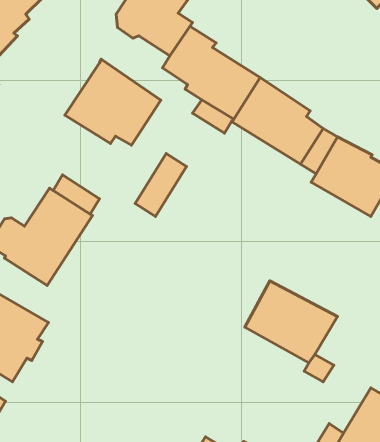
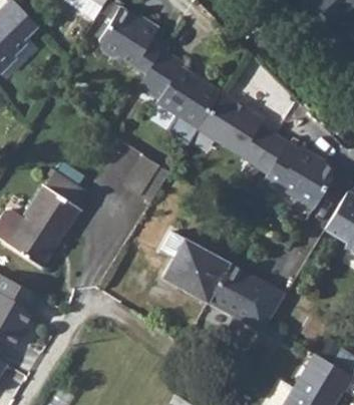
building: [65,59,161,145] -> none
building: none -> [161,232,230,302]

